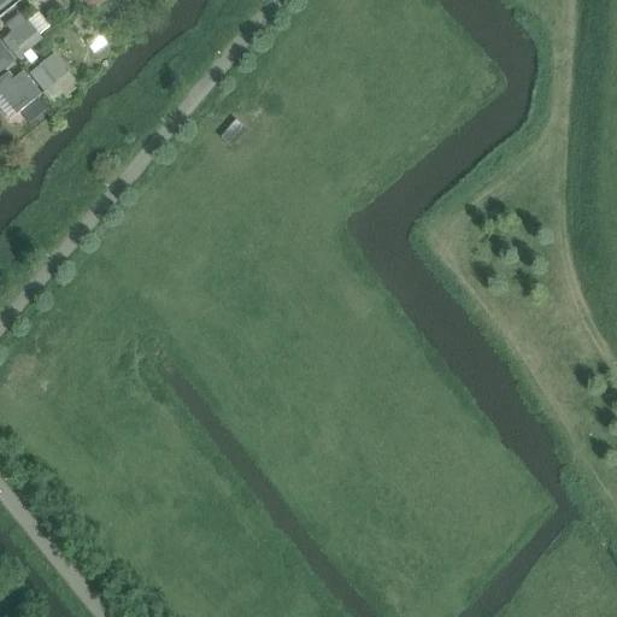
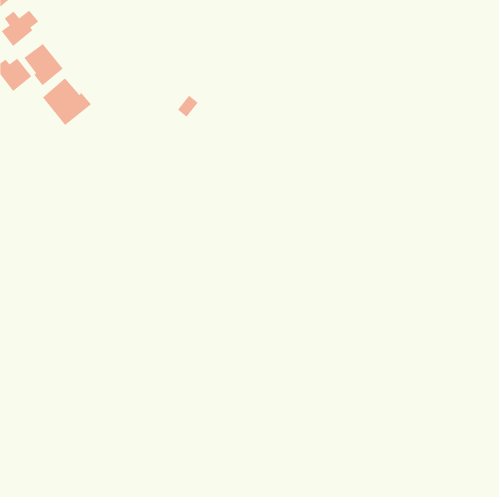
building: none -> [42,78,92,126]

